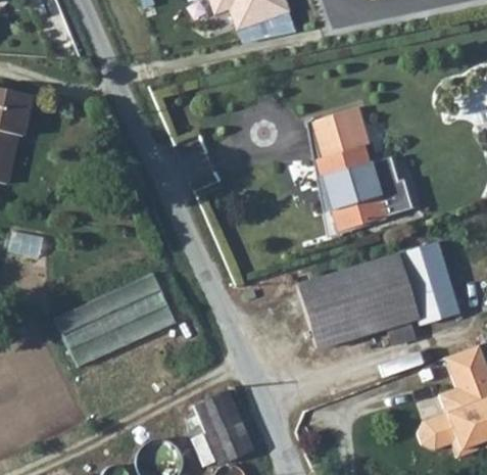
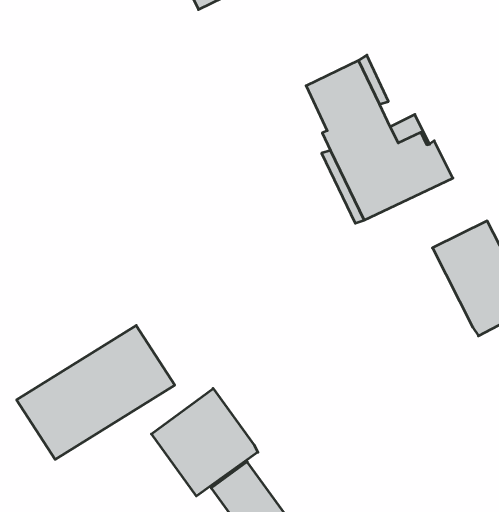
building: [291,254,410,349] -> none
building: none -> [151,388,258,496]

